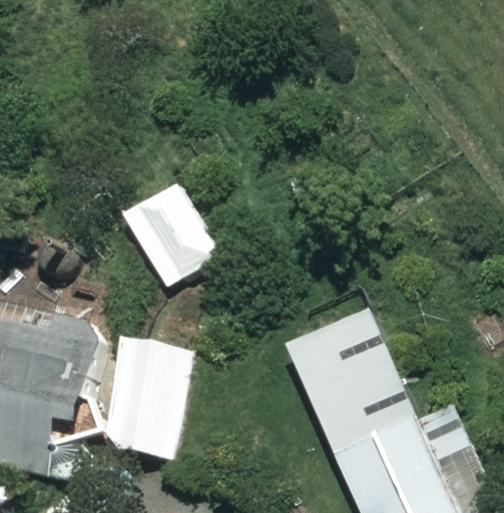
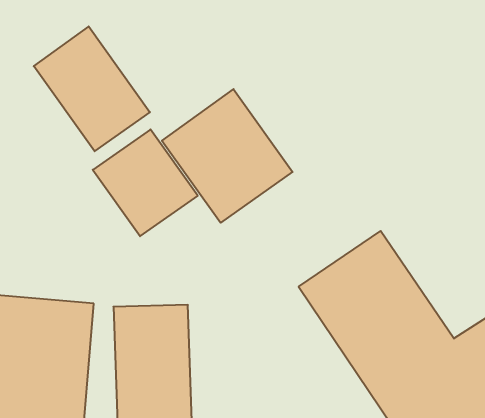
building: none -> [34,26,150,151]
building: none -> [162,89,293,223]

